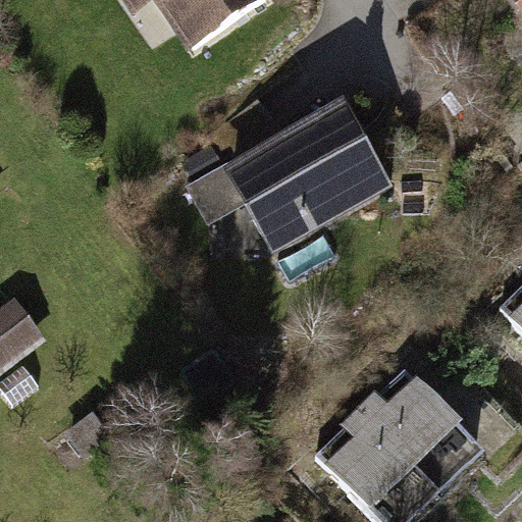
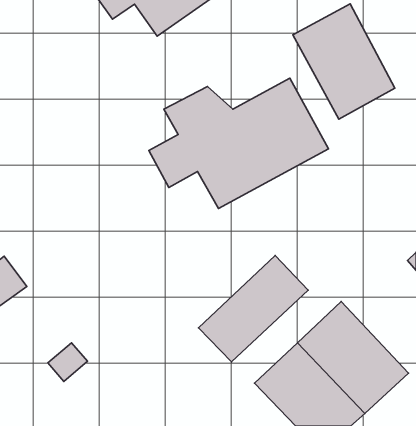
building: none -> [293,4,395,119]
building: none -> [199,255,308,362]

